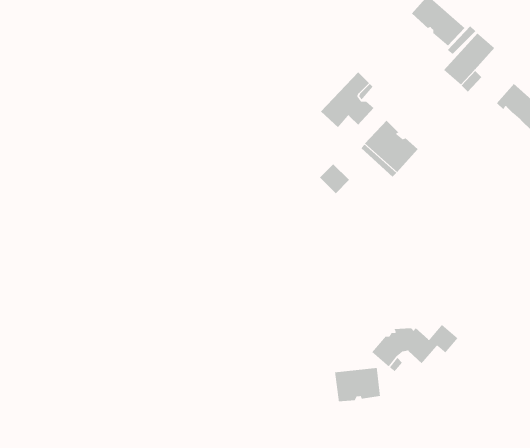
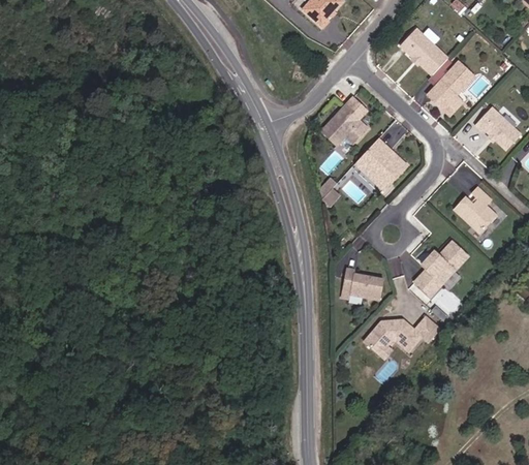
building: none -> [454,186,496,233]
building: none -> [414,241,467,295]
building: none -> [343,266,383,297]
building: [334,367,381,402] -> none

